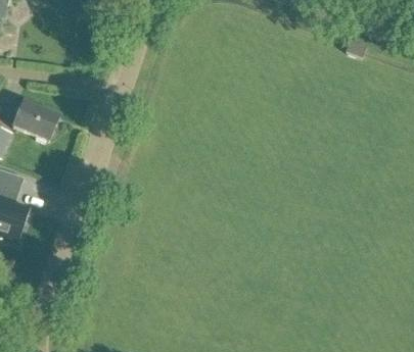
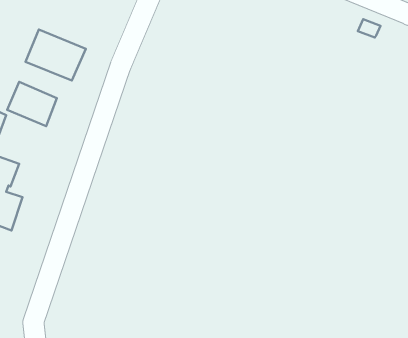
building: none -> [26,29,86,80]

